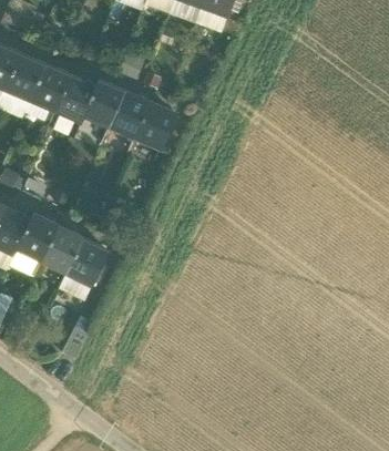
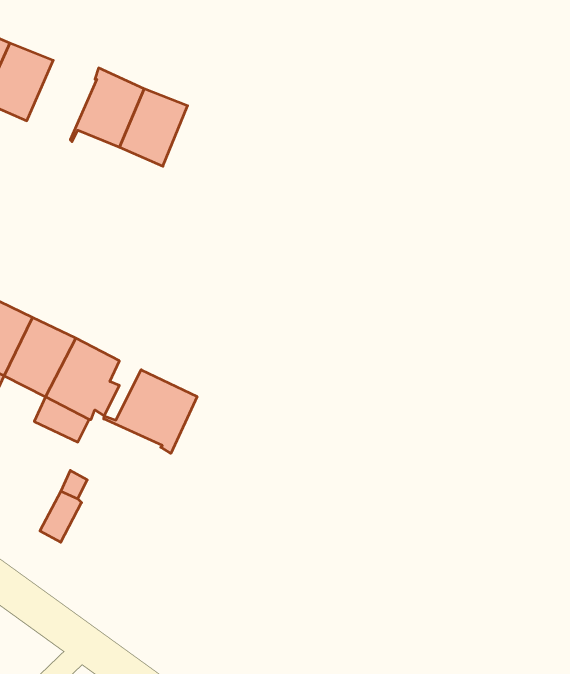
building: [54,75,95,122] -> none
building: [134,102,175,150] -> none
building: none -> [104,370,197,453]

